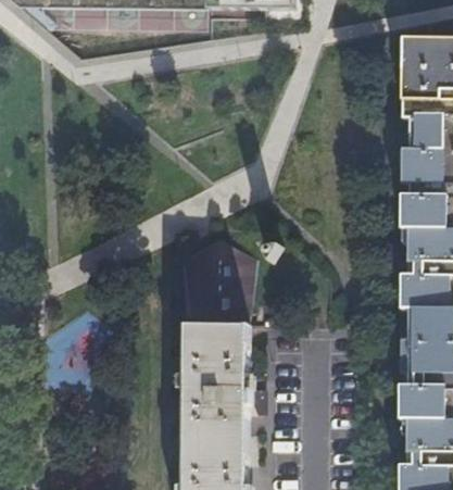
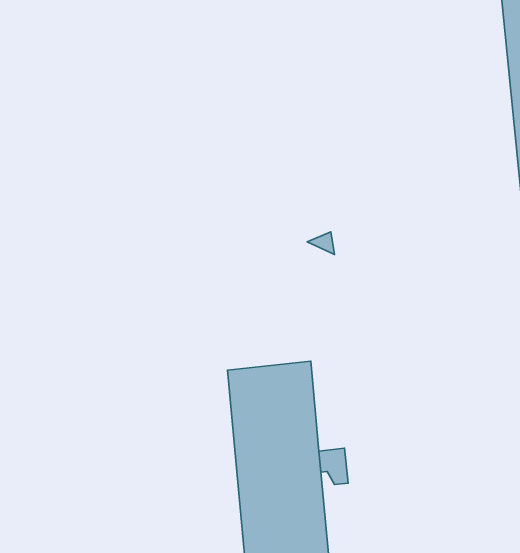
building: [175,234,249,310] -> none

